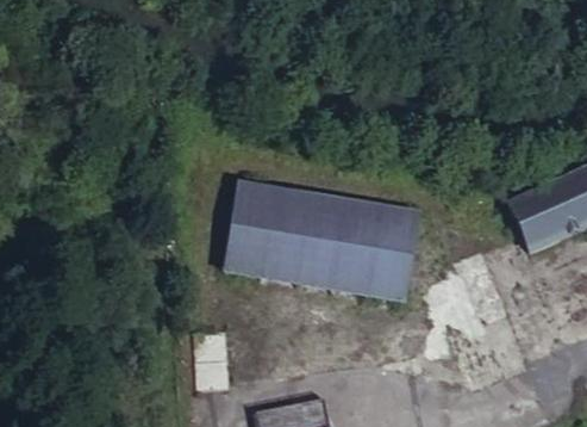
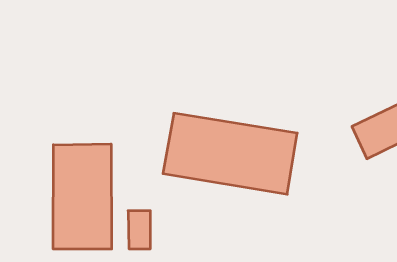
building: none -> [53,144,112,249]

